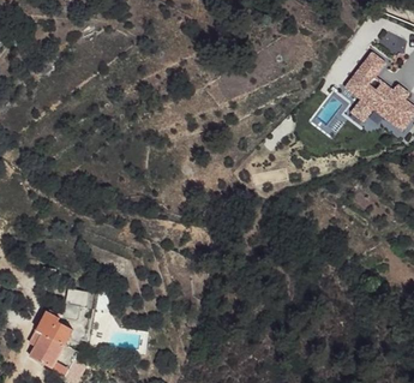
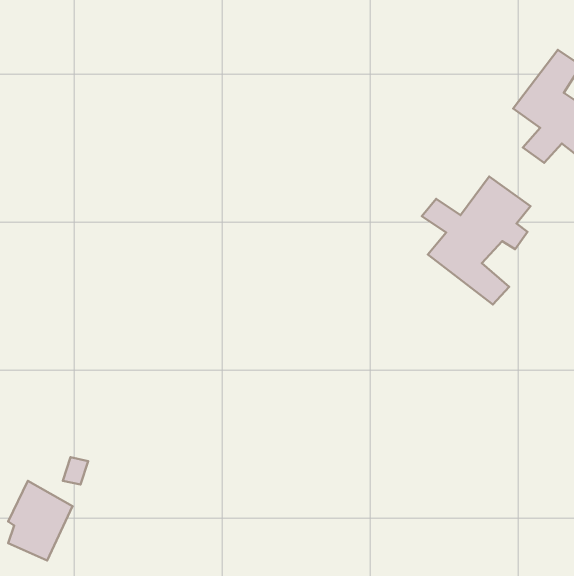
building: none -> [422,176,531,305]

